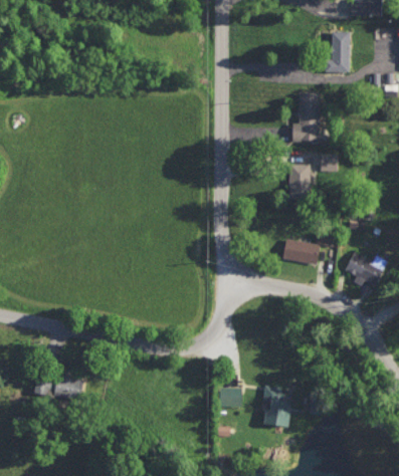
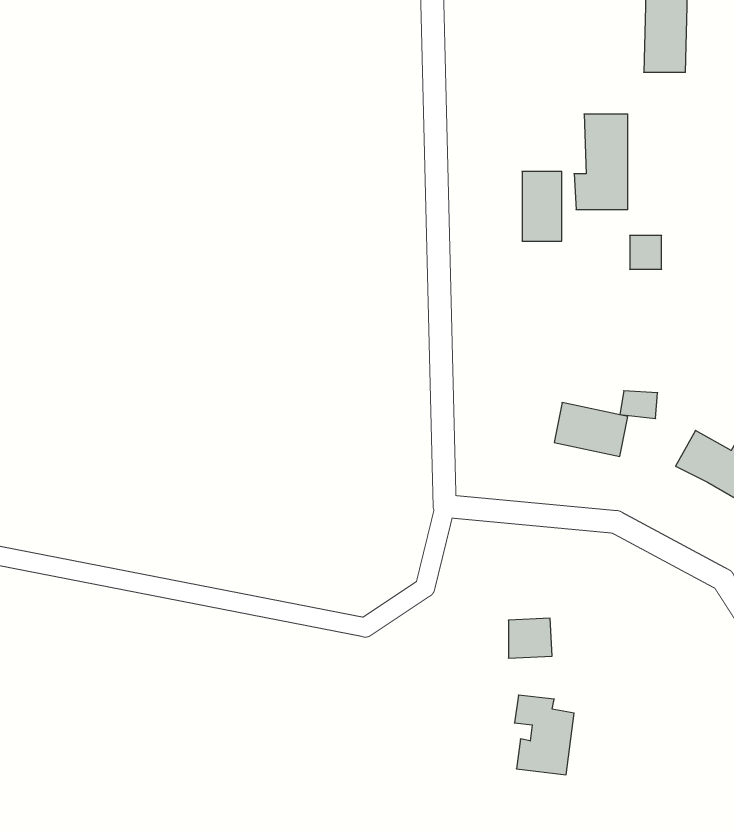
building: [289,165,310,200] -> [522,171,562,241]
building: [34,375,83,401] -> none
building: [220,388,242,408] -> [508,618,552,658]

